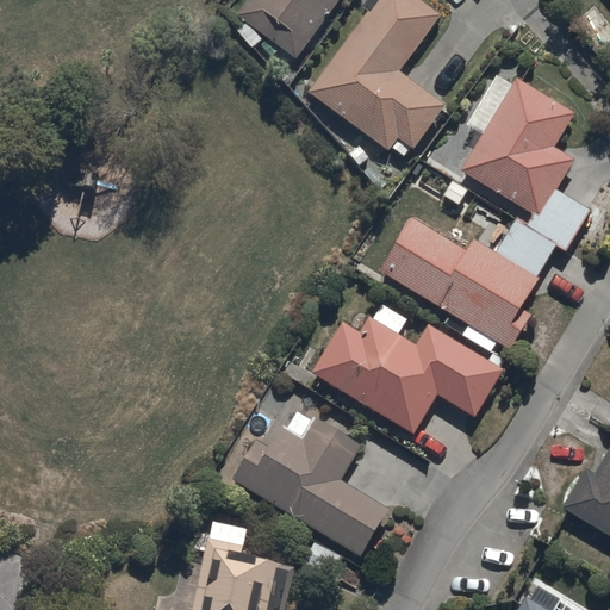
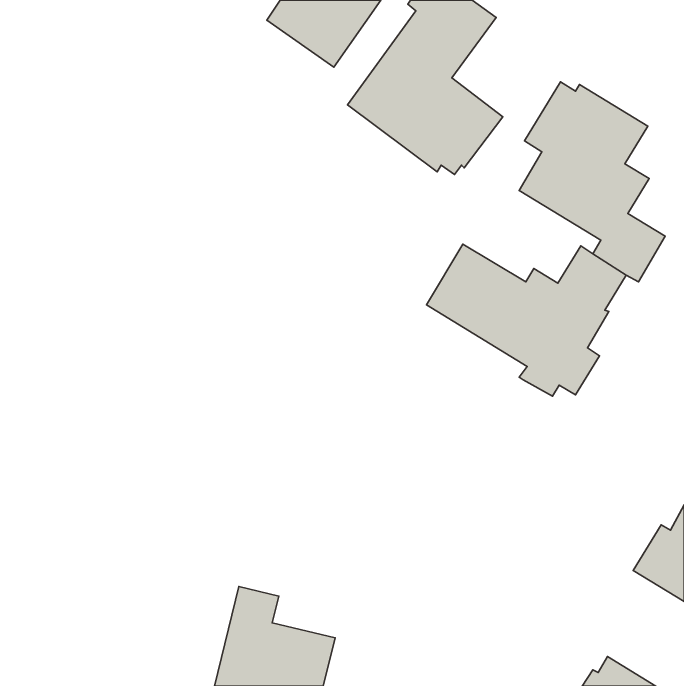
building: [311,300,509,434] -> none
building: [234,385,391,555] -> none

